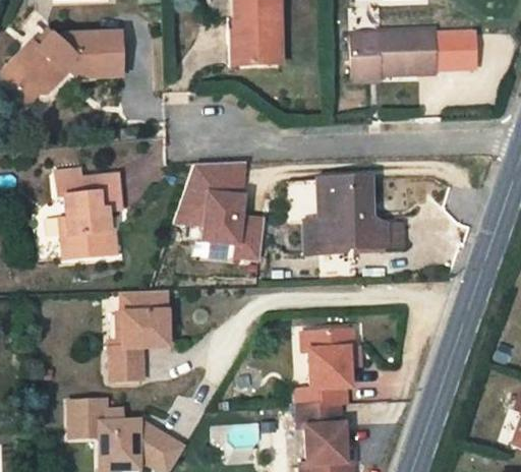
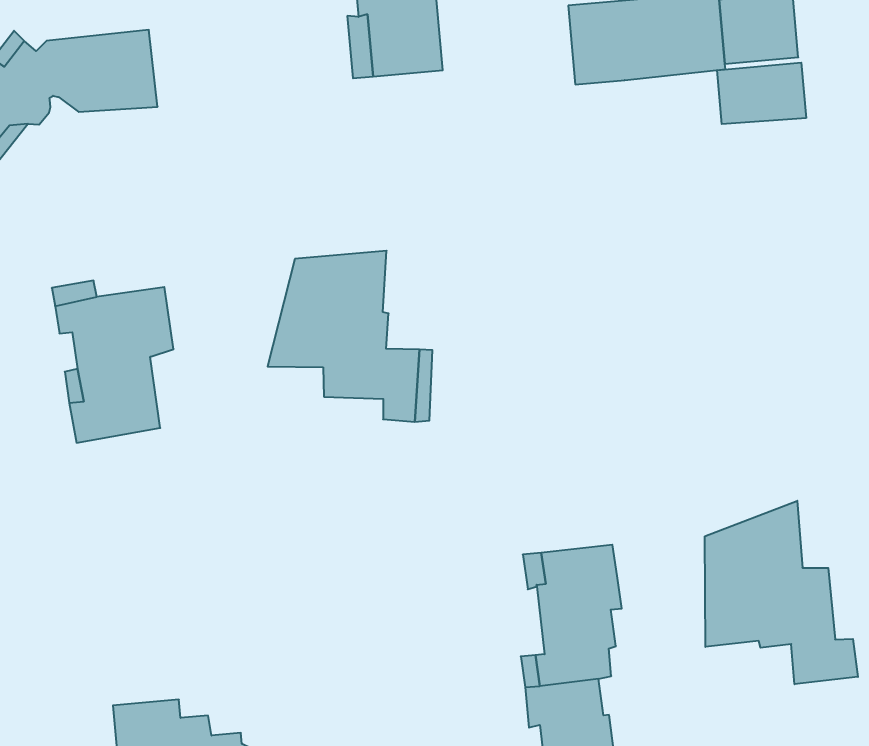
building: none -> [717,63,806,124]
building: [304,181,401,255] -> none
building: [113,290,173,377] -> none
building: none -> [705,501,858,684]

